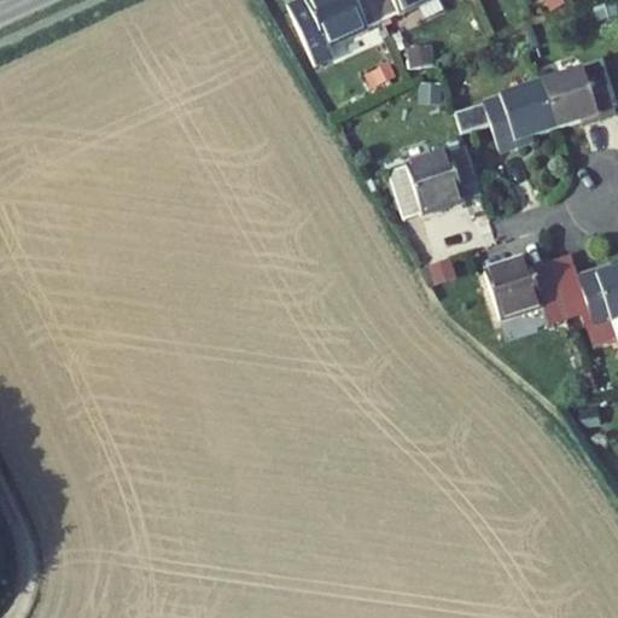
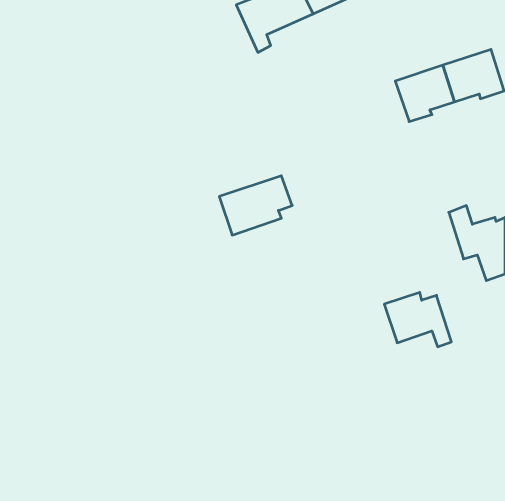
building: [389,144,478,216] -> [219,176,292,235]
building: [484,256,566,322] -> [384,292,451,347]

